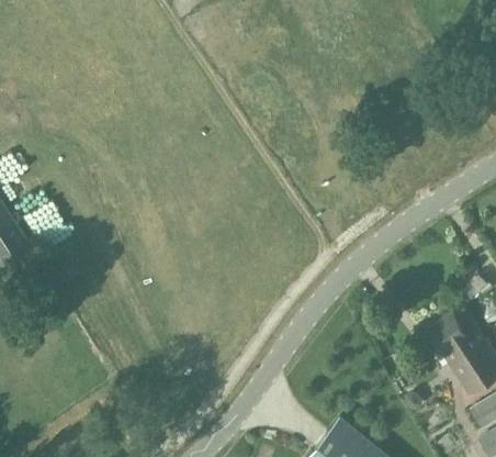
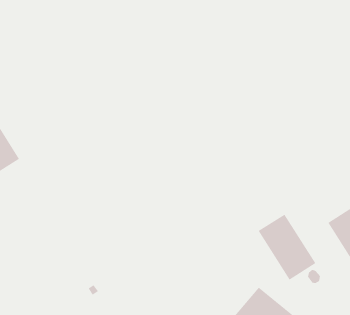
building: none -> [258,214,316,281]

